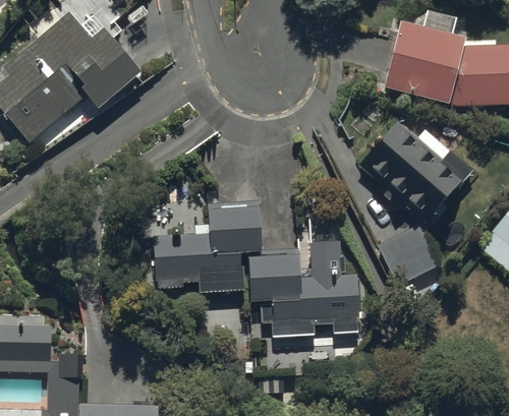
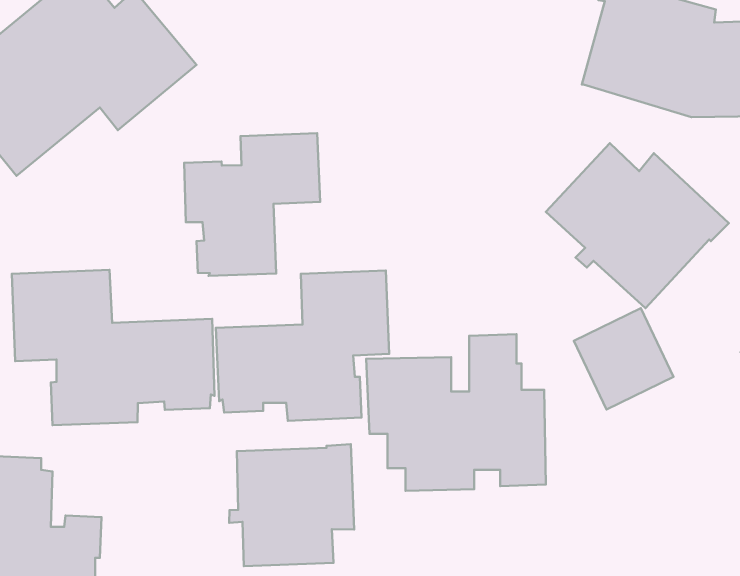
building: none -> [184,133,320,276]
building: none -> [12,270,215,425]
building: none -> [229,444,354,566]

